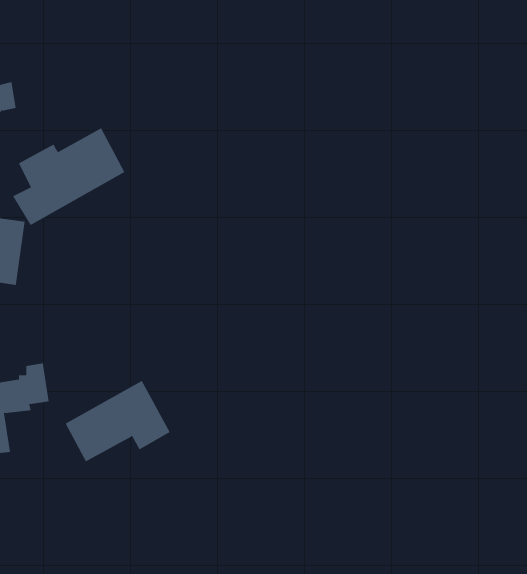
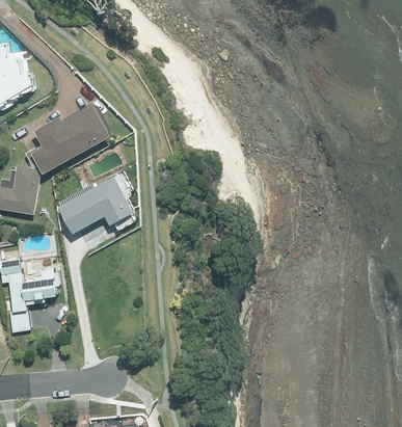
building: [65,380,170,462] -> [58,177,132,234]

